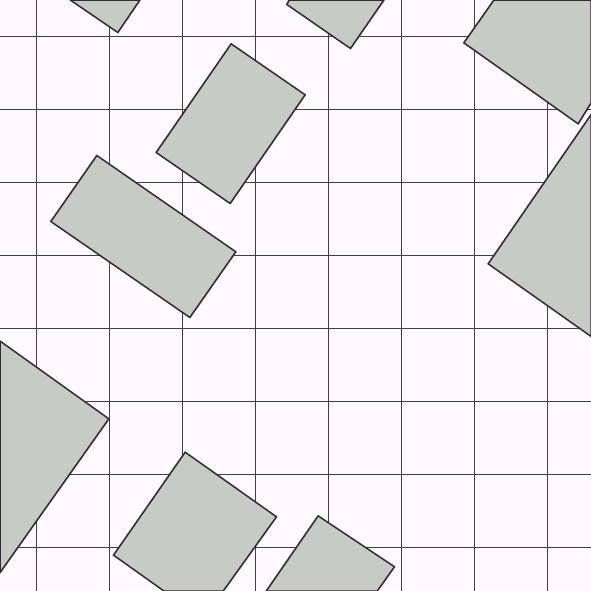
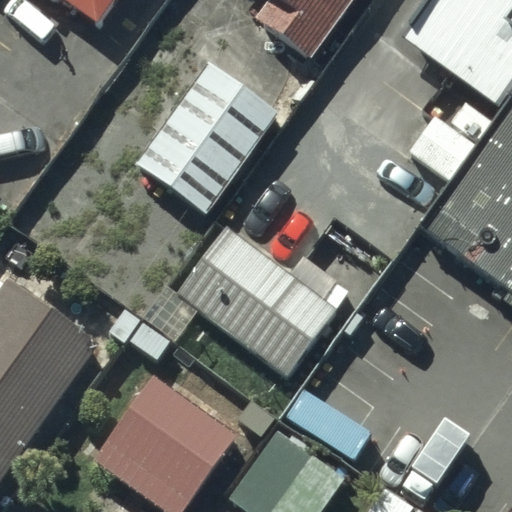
building: [51,155,236,318] -> none
building: none -> [172,205,329,349]

